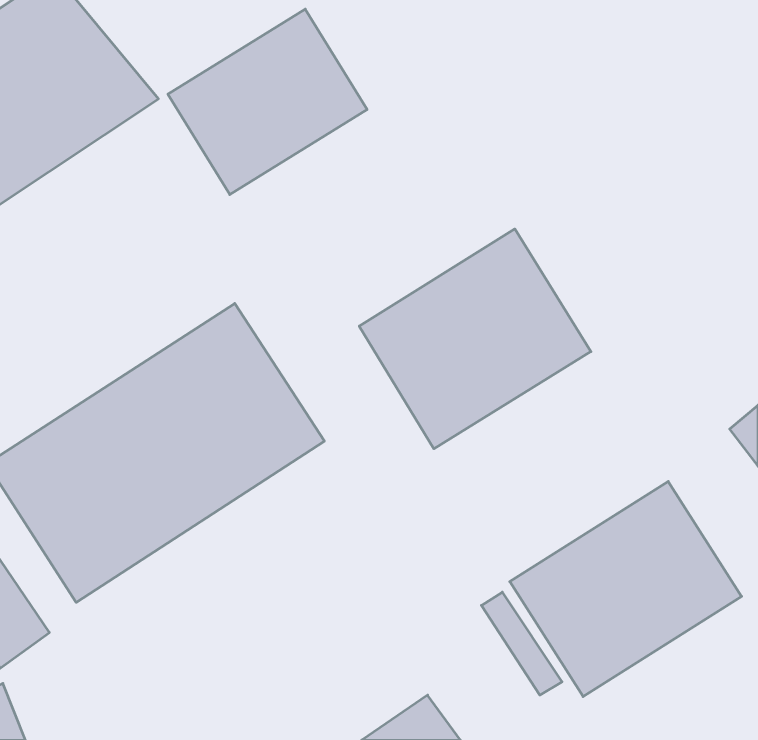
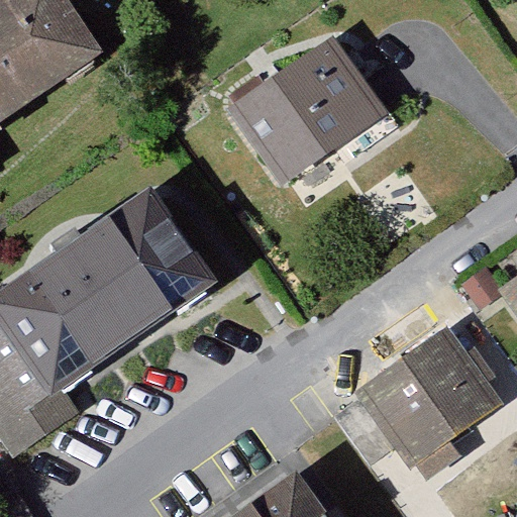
building: [168,9,367,195] -> none
building: [359,229,591,449] -> [224,43,381,192]

